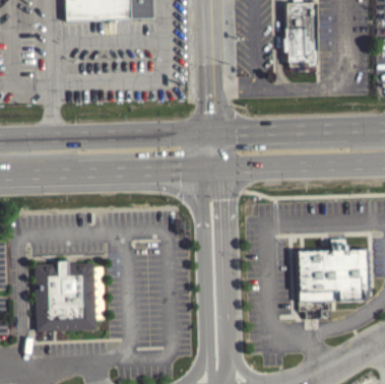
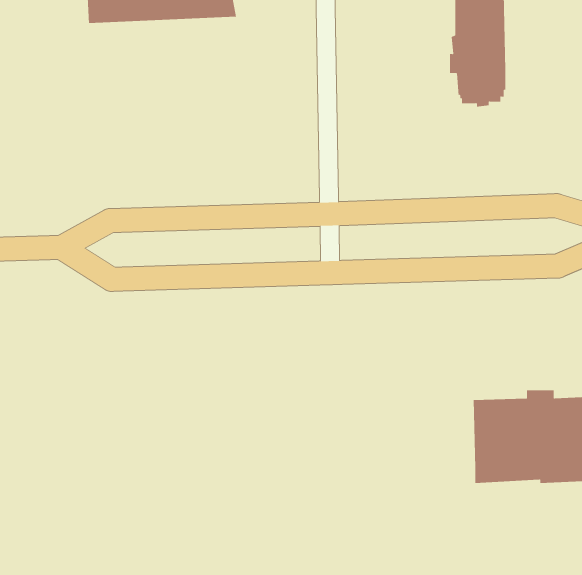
building: [34,259,95,329] -> none

